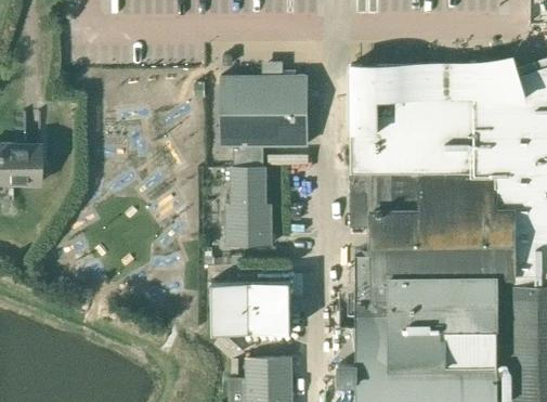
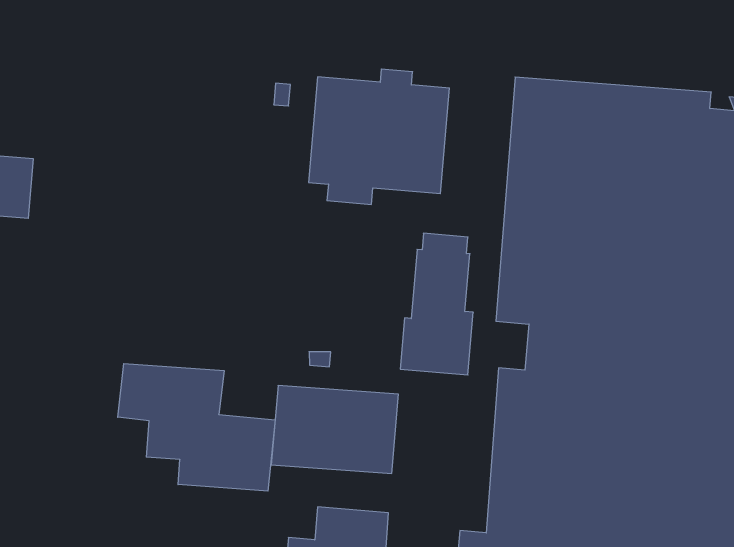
building: [225,157,270,247] -> [400,233,473,375]
building: none -> [118,364,275,491]

